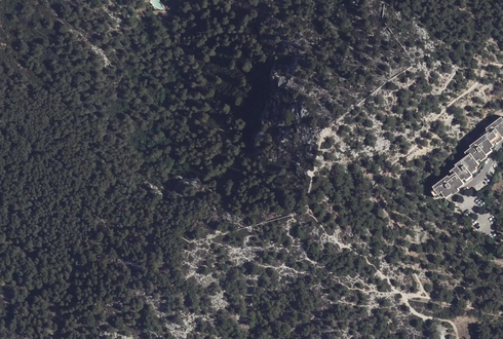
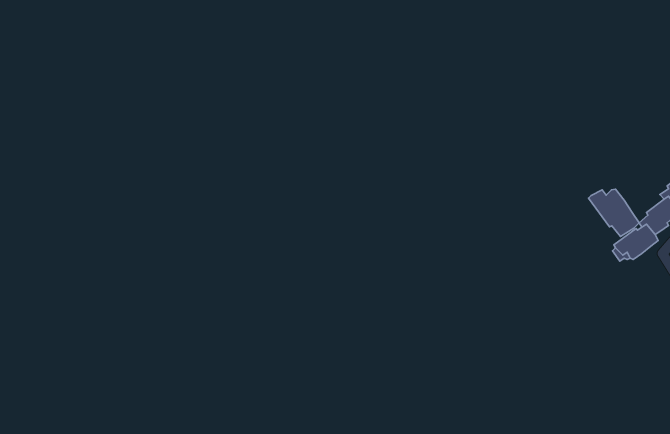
building: none -> [589,189,639,237]

